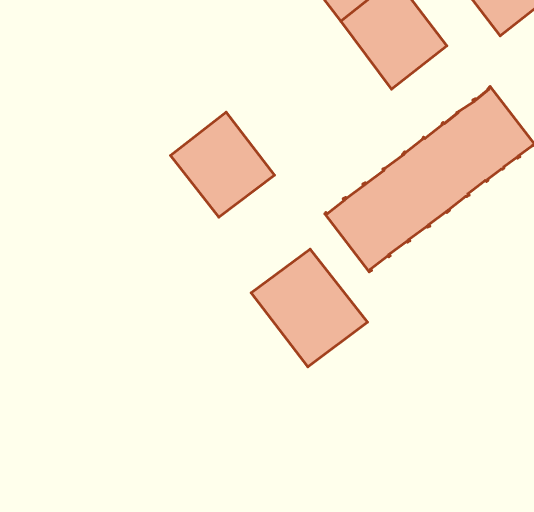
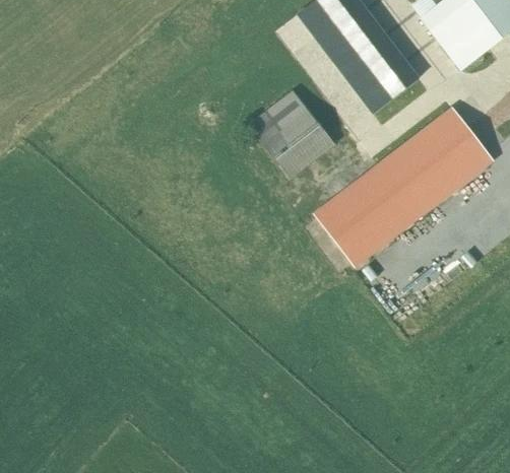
building: [171,112,274,217] -> [249,90,334,177]
building: [251,249,367,367] -> none

